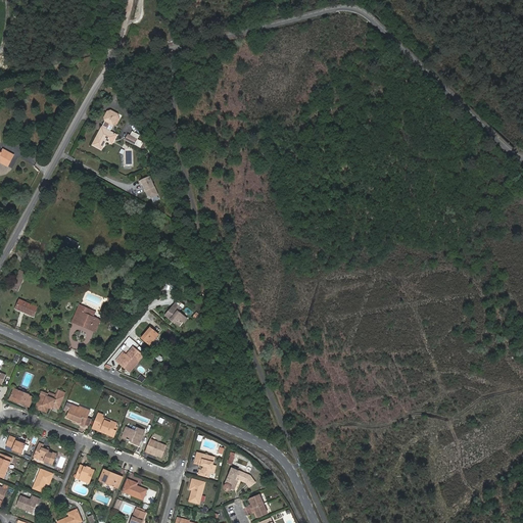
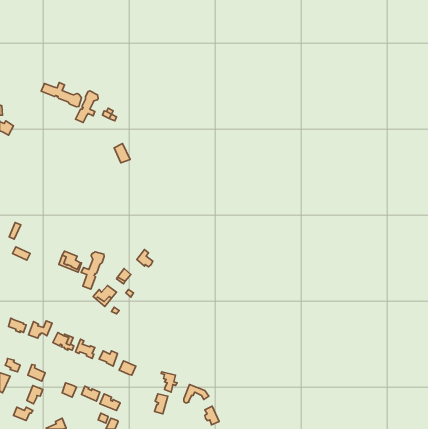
building: none -> [41,82,82,107]
building: none -> [81,252,104,289]

